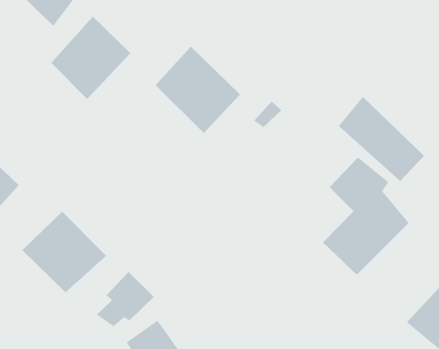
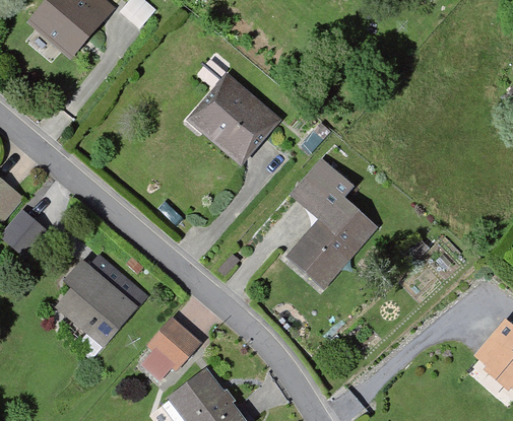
building: [51,16,131,100] -> none
building: [338,96,425,182] -> none
building: [322,157,410,275] -> [285,159,379,287]

